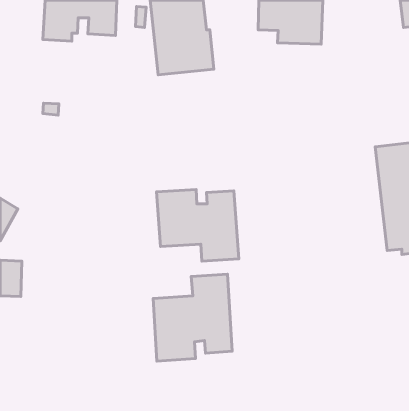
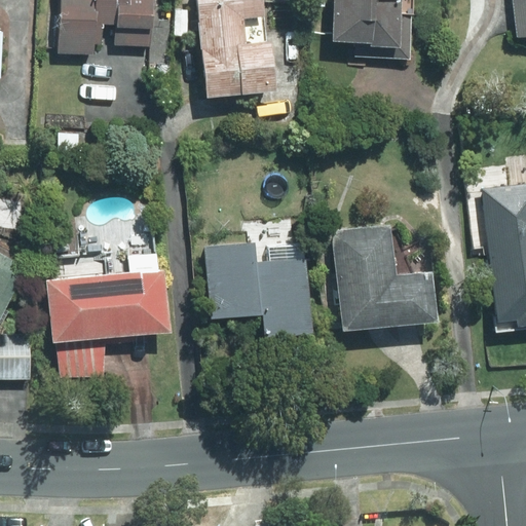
building: none -> [331,225,436,330]
building: none -> [44,268,170,379]
building: [153,274,232,361] -> none

